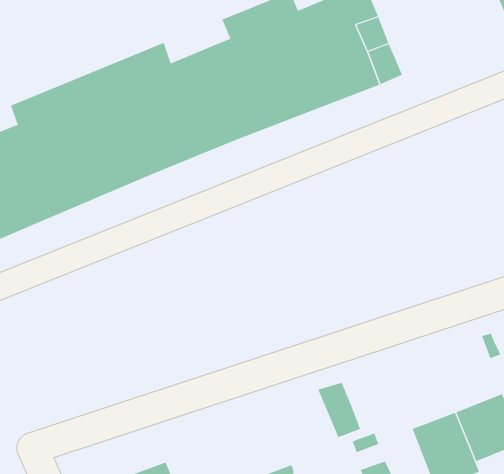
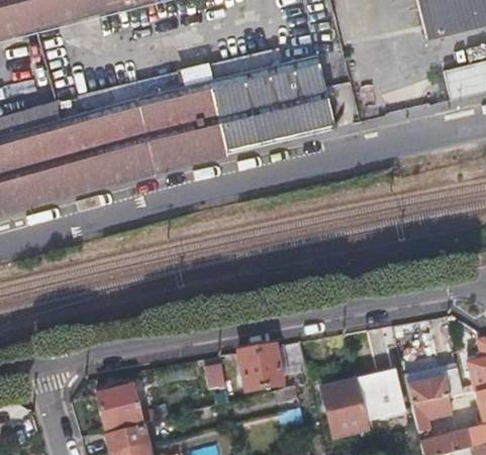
building: none -> [236,349,266,392]

